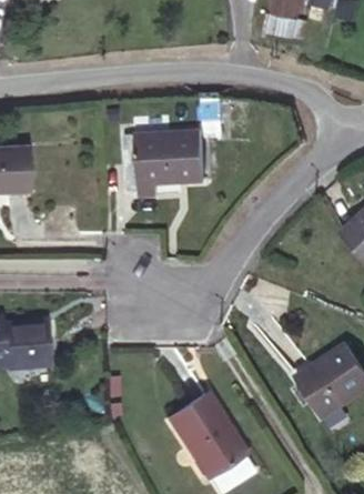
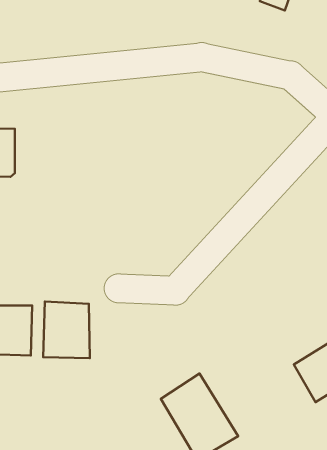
building: [136,132,202,199] -> none
building: none -> [43,302,90,358]

